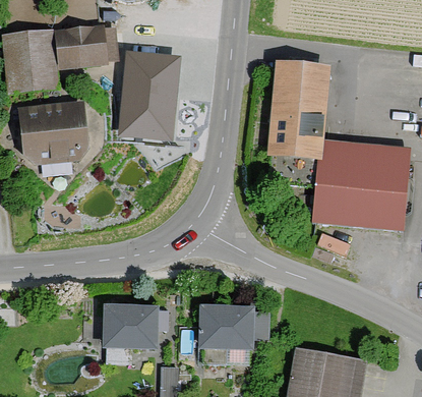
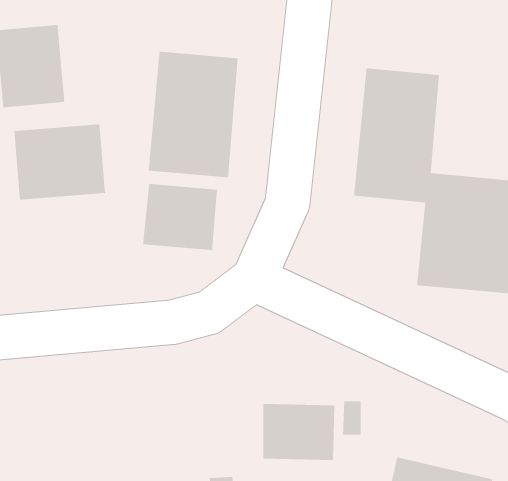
building: [56,27,105,70] -> none
building: none -> [142,183,218,251]
building: [102,306,158,352] -> none

